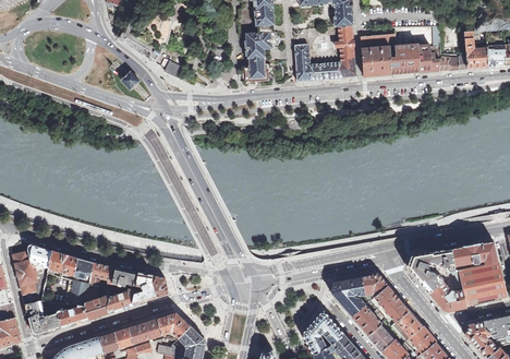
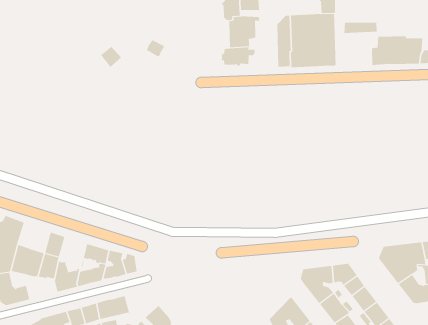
building: [361,45,394,76] -> none
building: [47,250,78,276] -> none
building: [88,262,116,294] -> none
building: [53,301,88,326] -> none
building: [157,311,191,338] -> none

